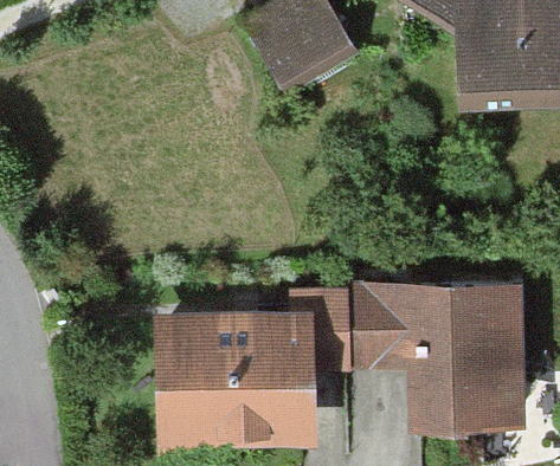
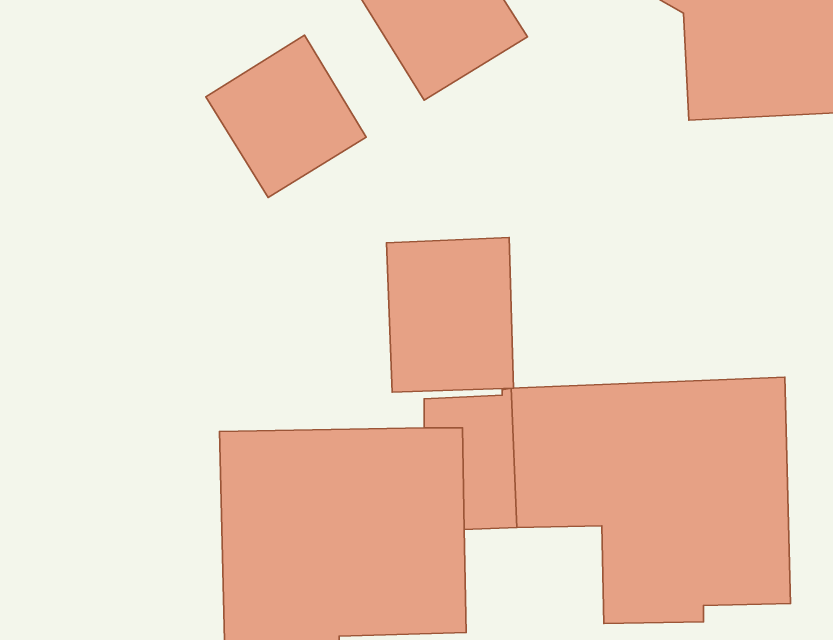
building: none -> [206,35,366,197]
building: none -> [386,237,513,392]

